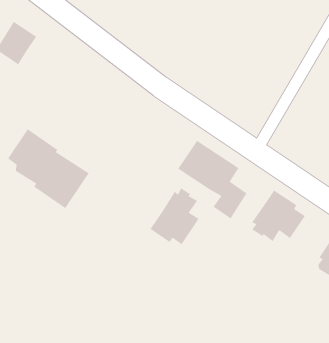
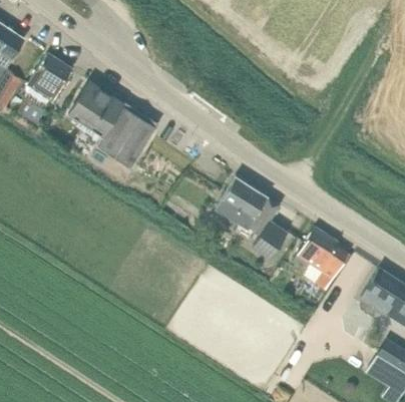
building: [7,128,90,209] -> [68,81,153,164]
building: [149,187,200,245] -> none

